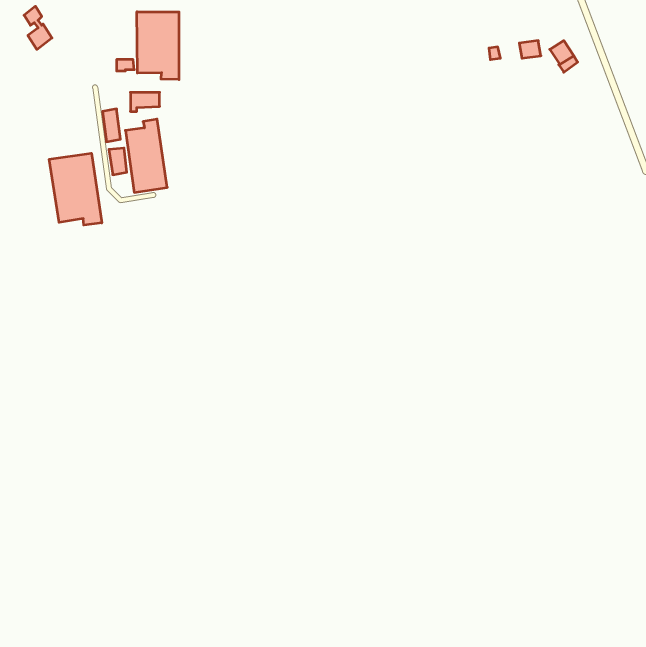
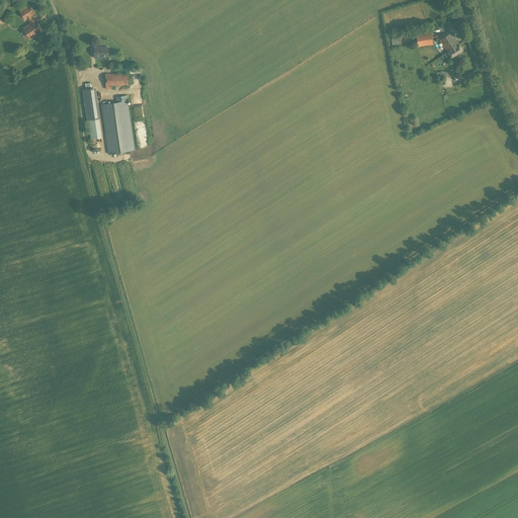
building: [137,12,179,80] -> none
building: [49,153,102,225] -> none

